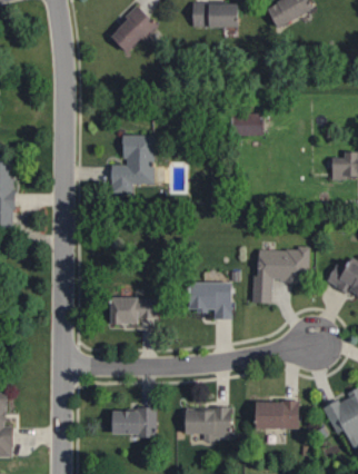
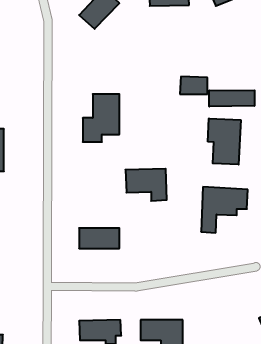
building: none -> [209,90,255,107]
building: none -> [208,118,241,165]
building: [183,282,233,320] -> [125,169,167,201]
building: [250,402,300,429] -> none

